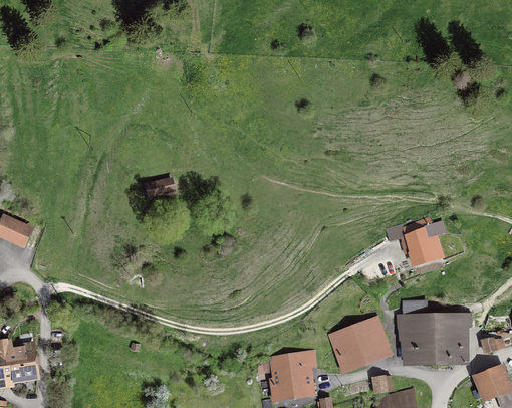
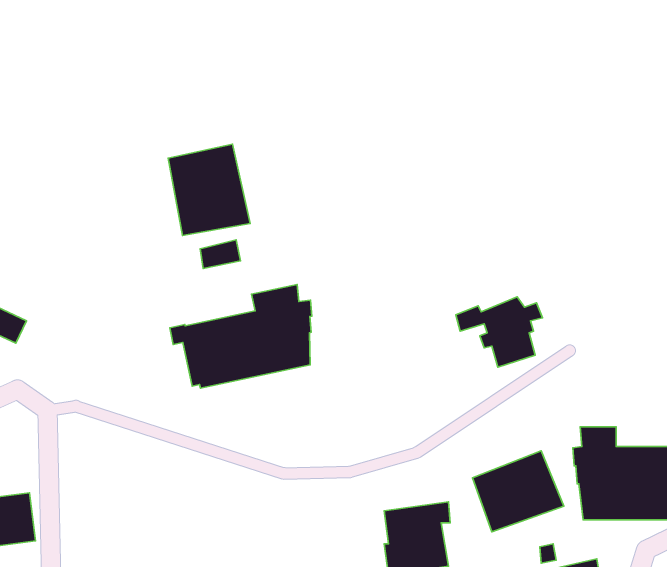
building: none -> [168,144,250,235]
building: none -> [170,284,312,388]
building: [387,218,445,265] -> [456,297,543,367]

